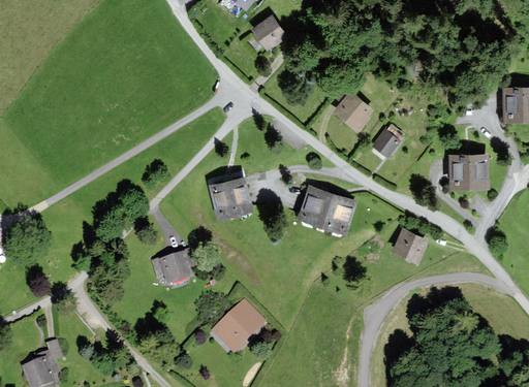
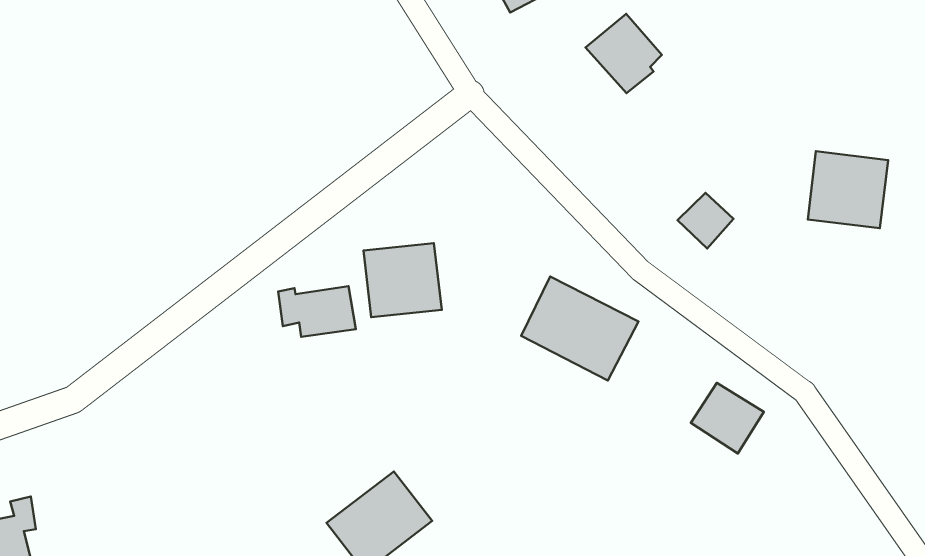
building: [332,91,372,132] -> [586,14,662,93]
building: [450,152,490,189] -> [808,151,888,228]
building: [150,254,193,284] -> [278,286,356,337]

